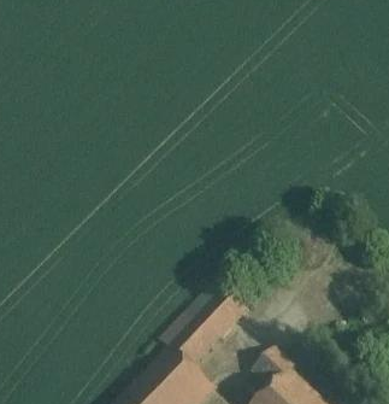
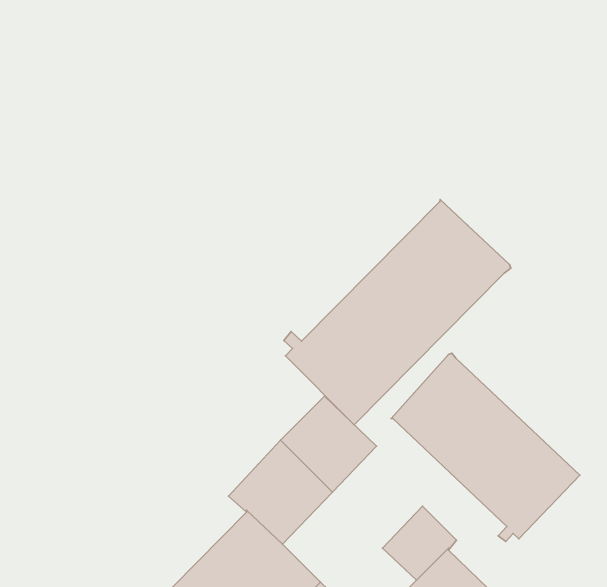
building: none -> [284,200,511,425]
building: none -> [391,353,580,541]

